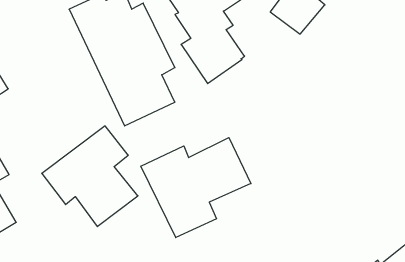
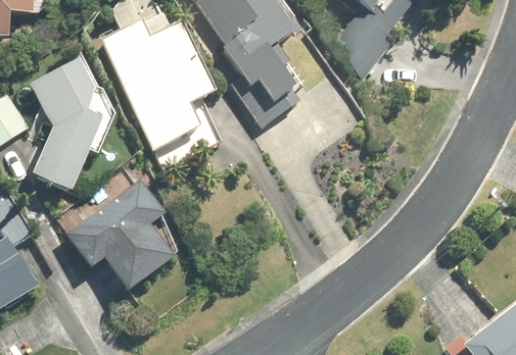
building: none -> [30,57,111,194]
building: [141,138,251,238] -> none

